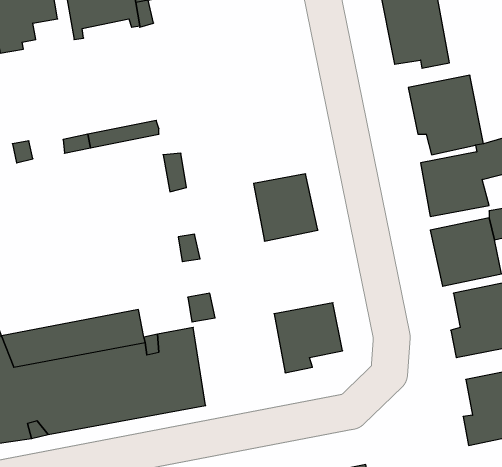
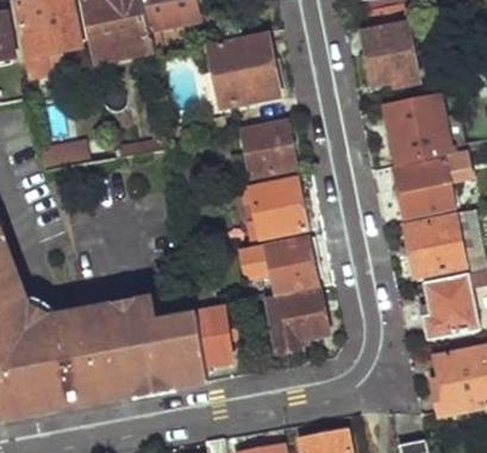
building: none -> [208,35,280,106]
building: none -> [242,119,296,185]
building: none -> [239,238,317,290]
building: none -> [199,308,236,380]

